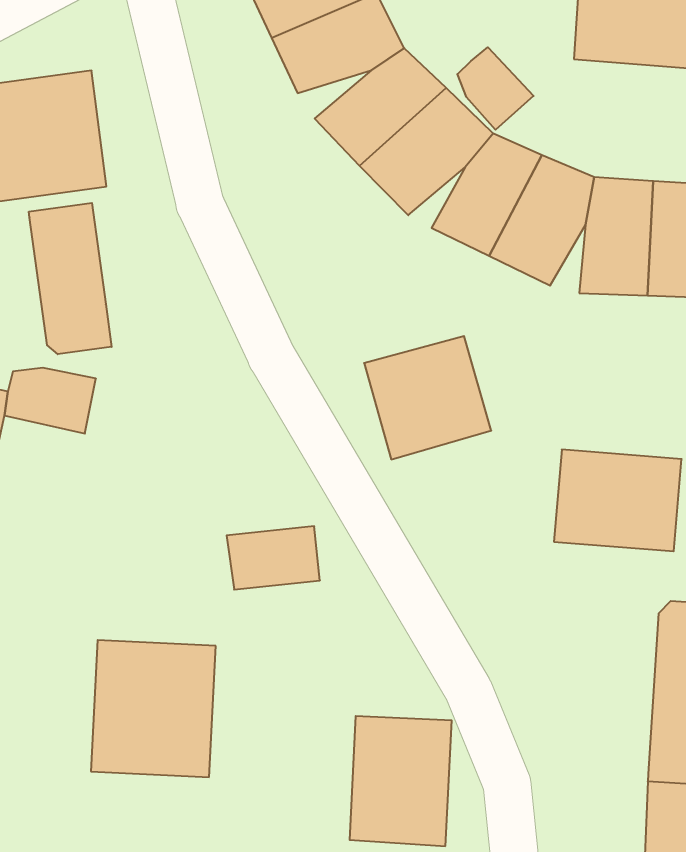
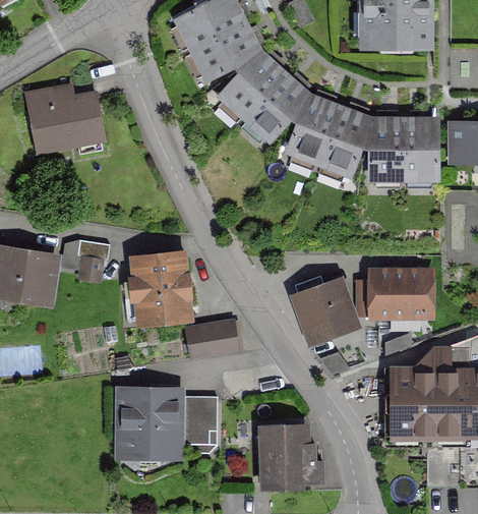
building: [457,47,534,130] -> none
building: [29,203,112,354] -> none
building: [364,336,491,459] -> [287,278,359,348]
building: none -> [134,250,196,326]
building: none -> [386,354,424,443]
building: none -> [184,395,216,443]

